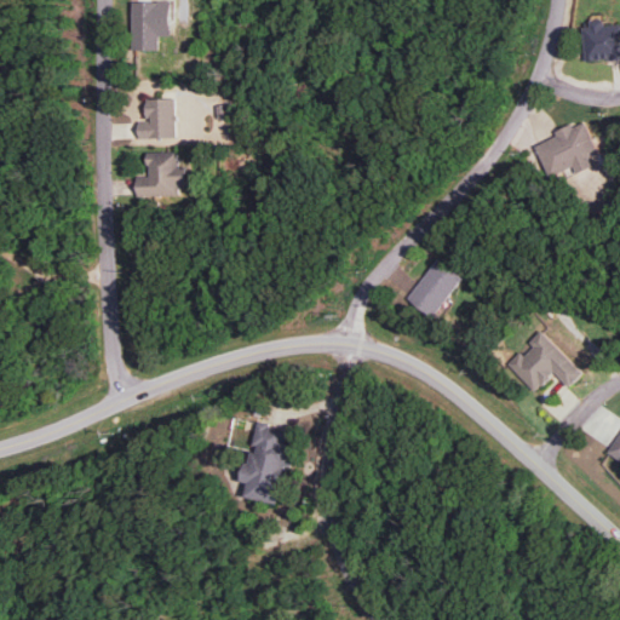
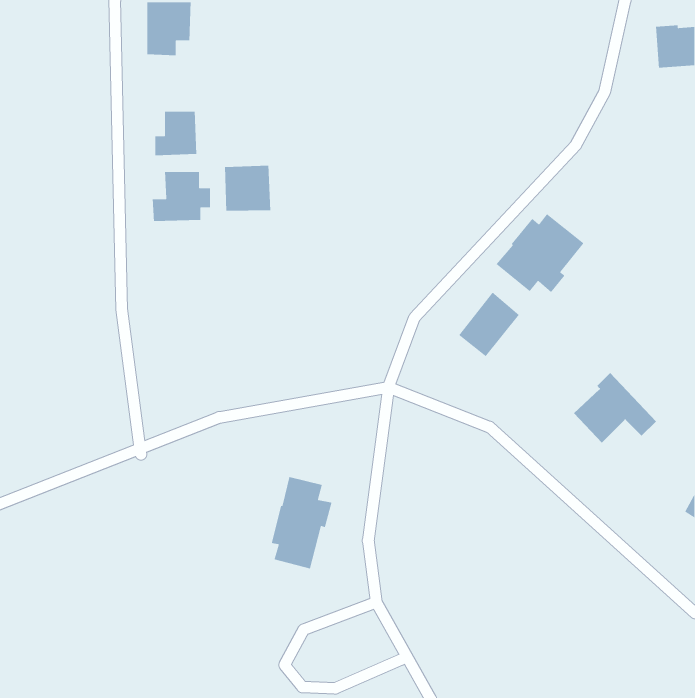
building: [533,122,598,178] -> none
building: none -> [224,165,271,211]
building: none -> [496,213,584,293]

